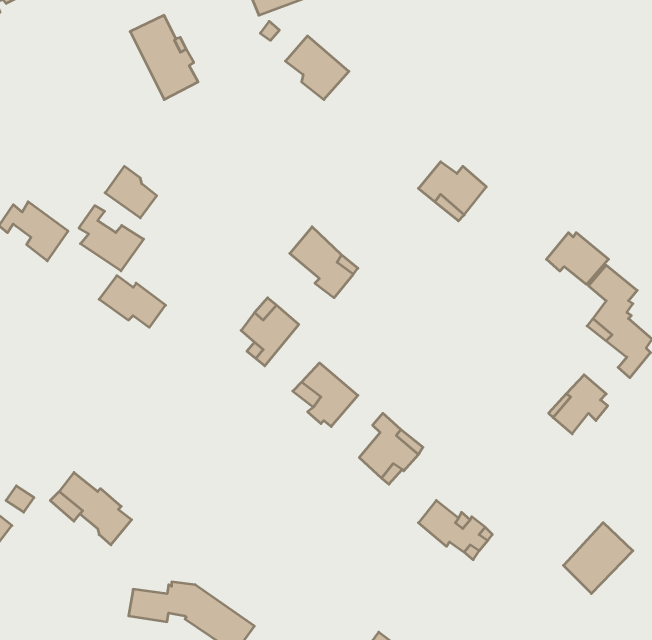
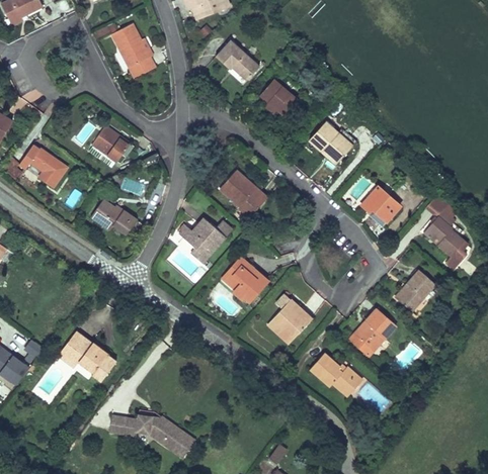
building: none -> [258,77,300,116]
building: [79,206,144,271] -> none
building: [546,233,609,284] -> [359,186,402,221]
building: [563,523,633,594] -> [350,311,398,360]

